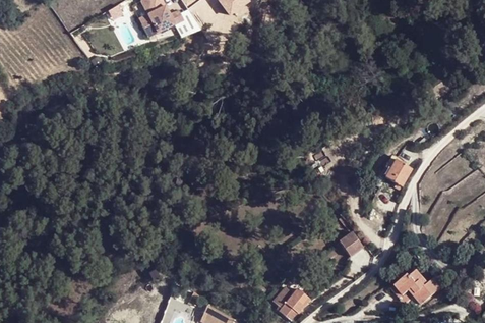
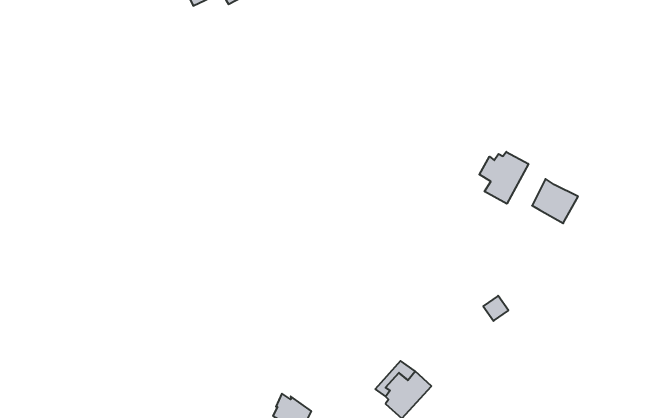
building: none -> [479,152,528,204]
building: [393,270,442,304] -> none

